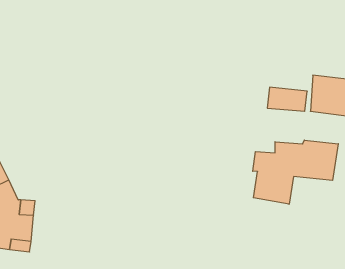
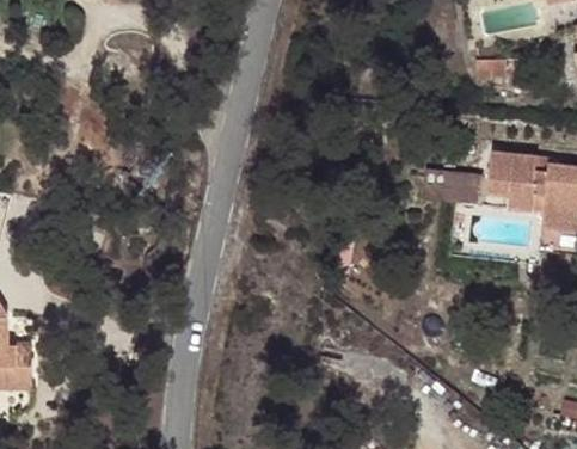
building: [253,140,338,204] -> none

